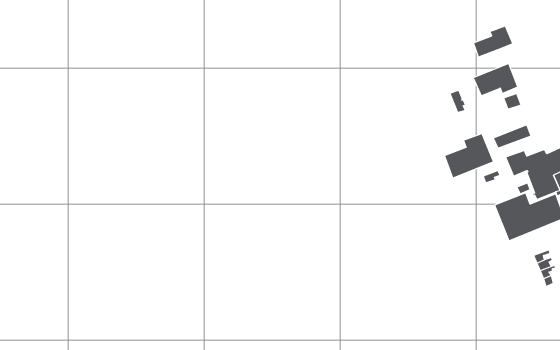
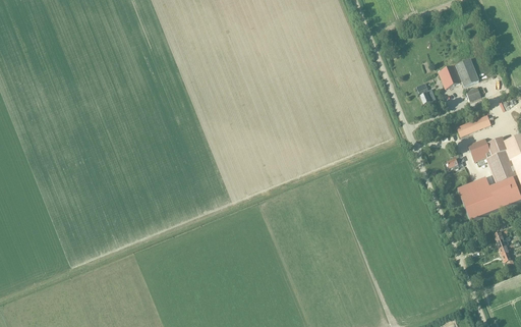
building: [473,26,513,57] -> none
building: [444,133,494,178] -> none

